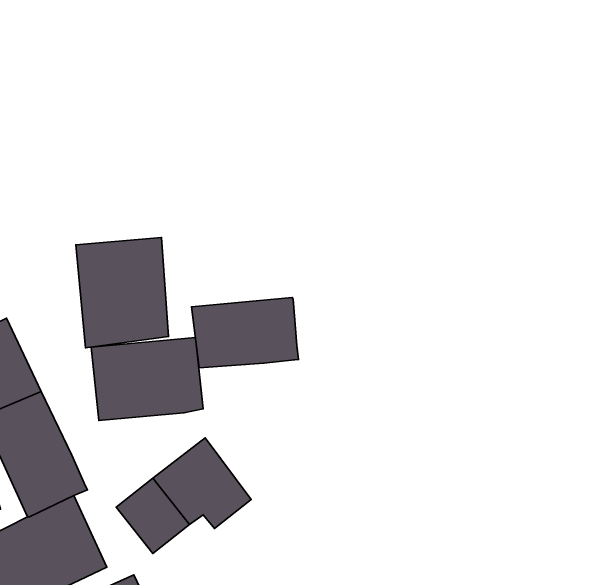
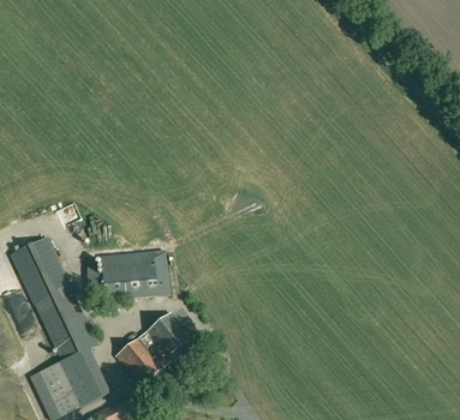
building: [76,238,169,348] -> none
building: [191,298,299,368] -> none

